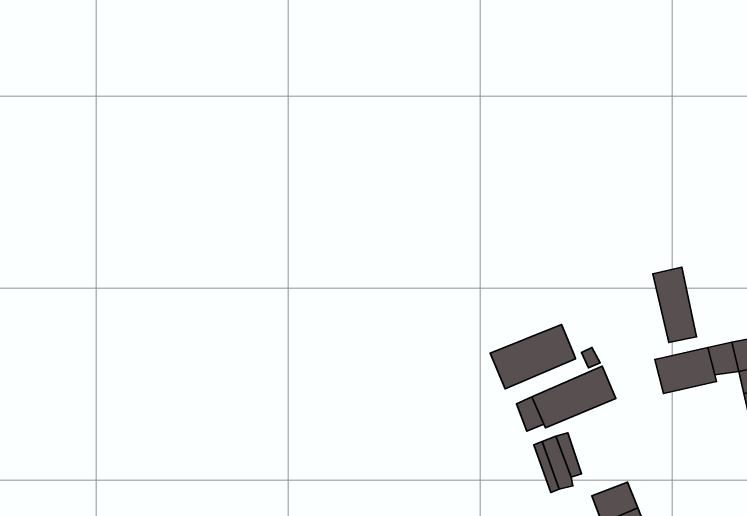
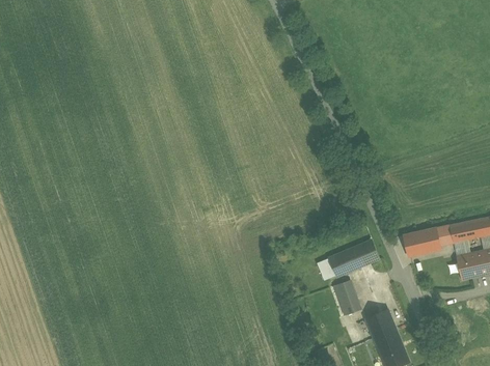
building: [653,267,697,342] -> none
building: [490,324,575,389] -> none

